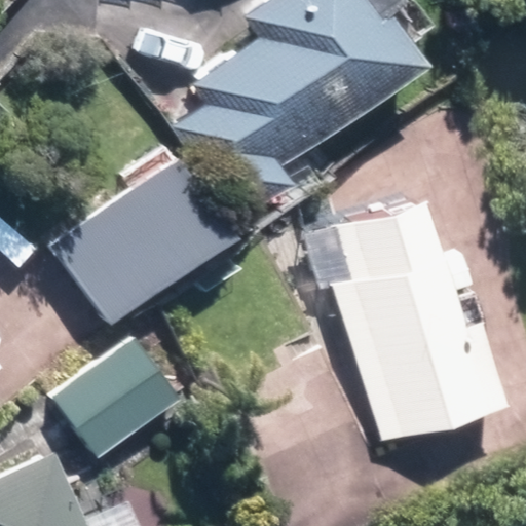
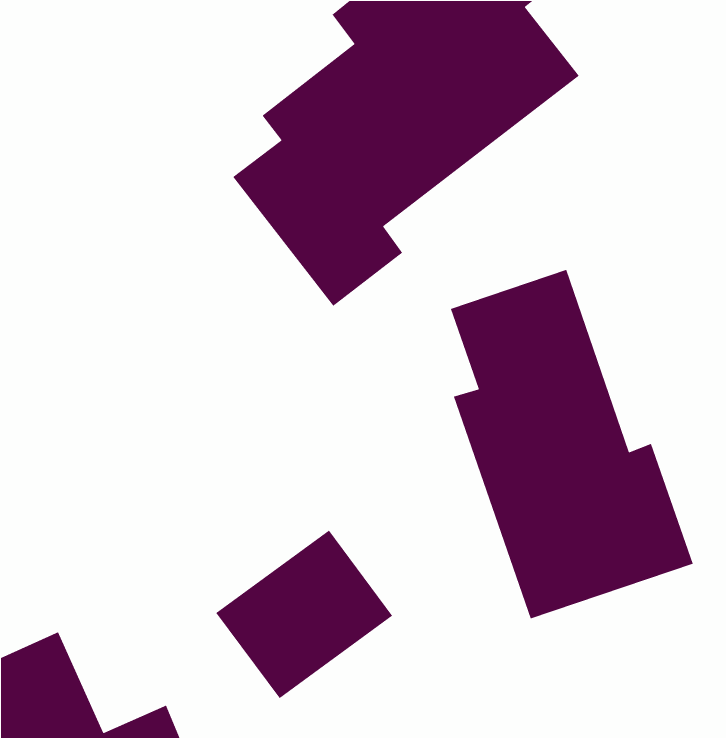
building: [51,155,234,326] -> none
building: [59,339,184,458] -> [215,530,393,699]

